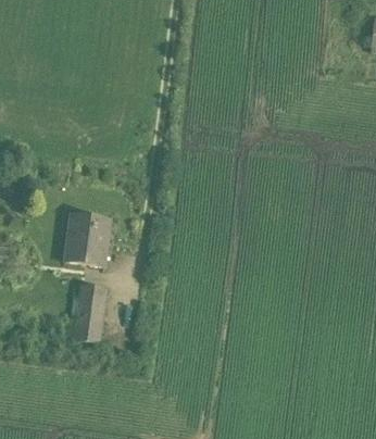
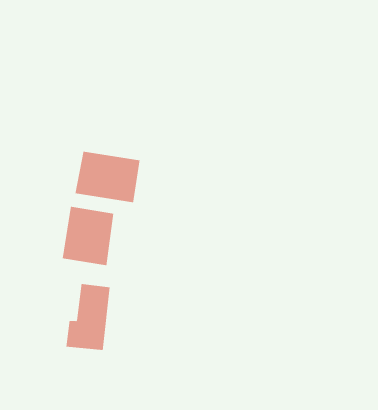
building: none -> [75,151,140,203]

